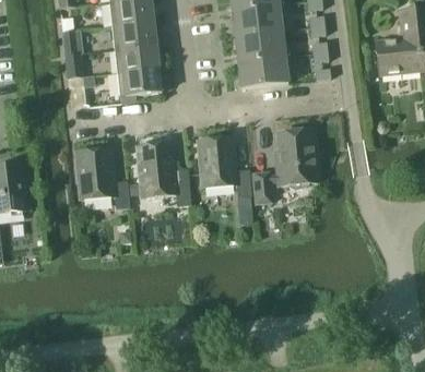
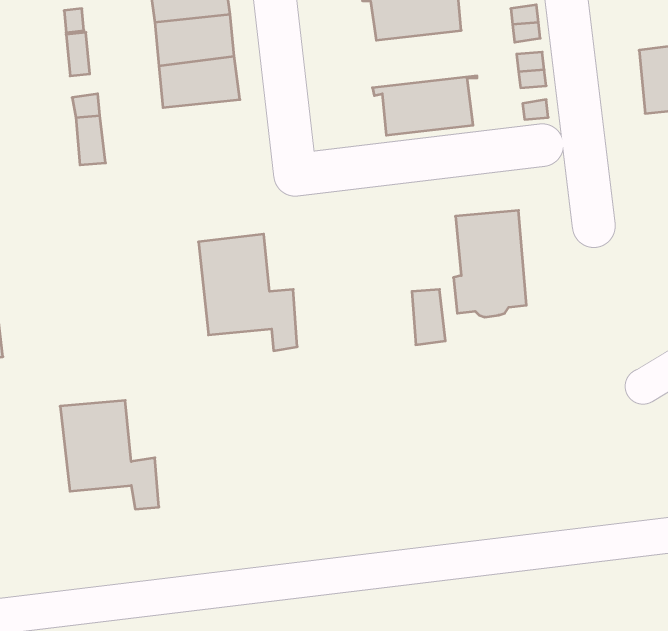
building: [233,28,291,60] -> none
building: [117,67,162,95] -> none
building: [198,135,252,196] -> none
building: [75,147,130,207] -> [60,400,159,509]

